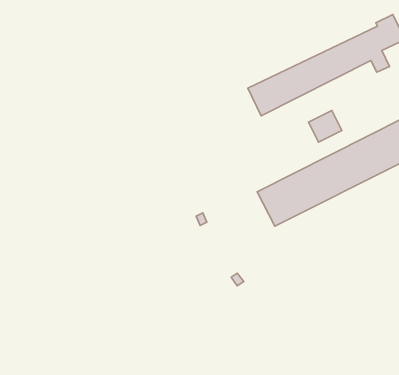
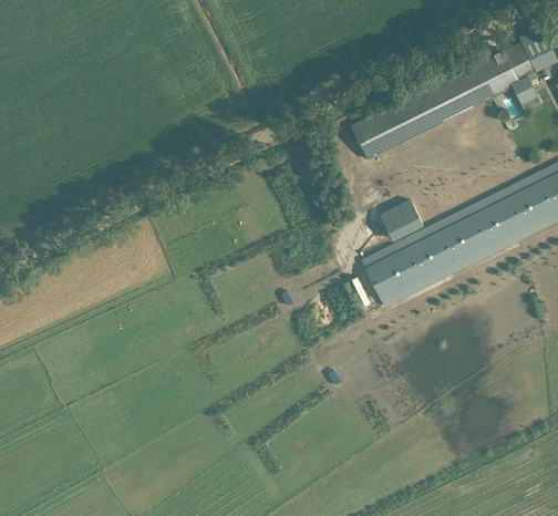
building: [308,110,342,142] -> [380,198,424,240]

